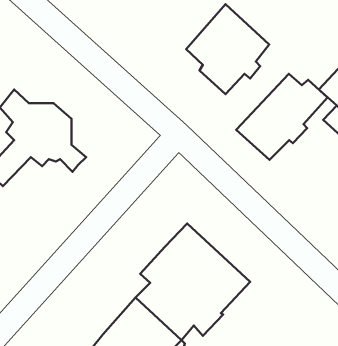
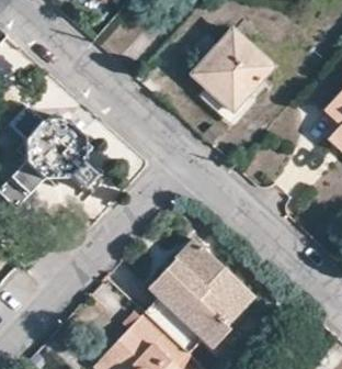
building: [236,74,327,160] -> none

